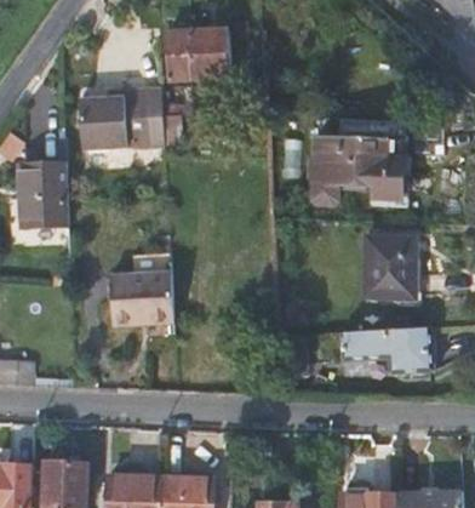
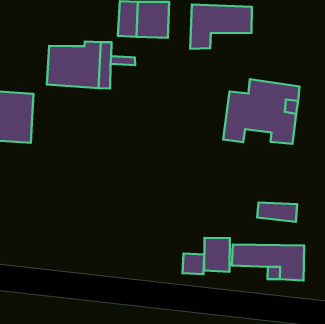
building: none -> [190,5,252,49]
building: [365,235,416,276] -> none
building: [109,253,172,325] -> none
building: none -> [204,238,230,272]

